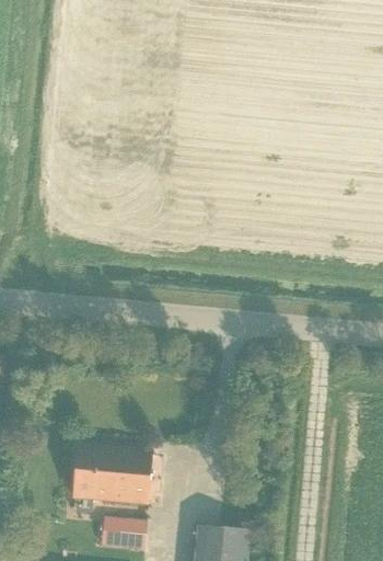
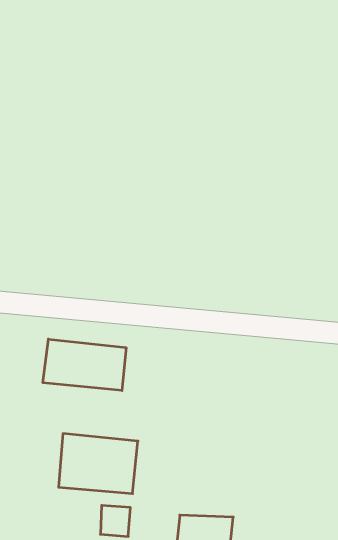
building: none -> [43,339,126,391]

